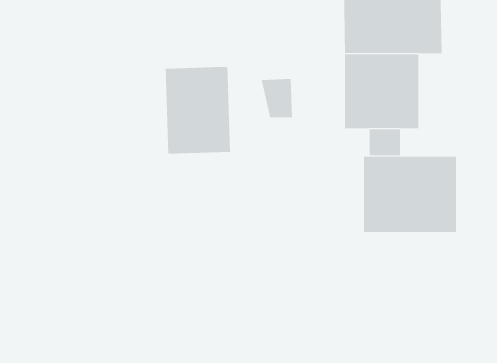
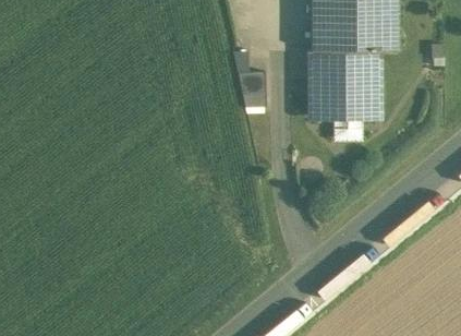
building: [165,66,231,155] -> none
building: [364,156,456,233] -> none

